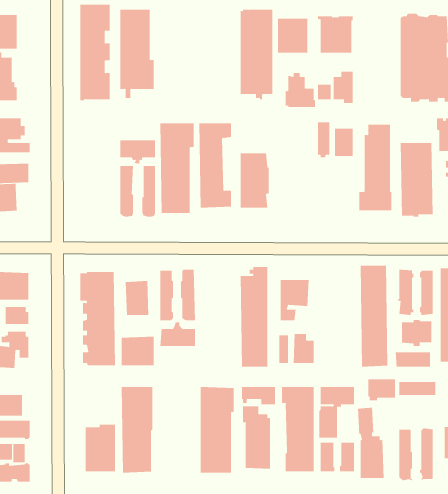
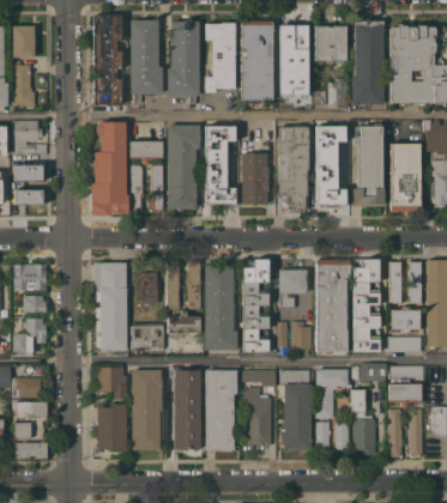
building: none -> [352,20,385,104]
building: none -> [168,22,200,104]
building: none -> [205,23,236,92]
building: none -> [92,123,128,216]
building: none -> [278,127,309,212]
building: none -> [318,165,340,204]
building: none -> [316,260,350,351]
building: none -> [205,265,237,350]
building: none -> [97,366,128,399]
building: none -> [175,370,201,449]
building: none -> [389,384,422,407]

